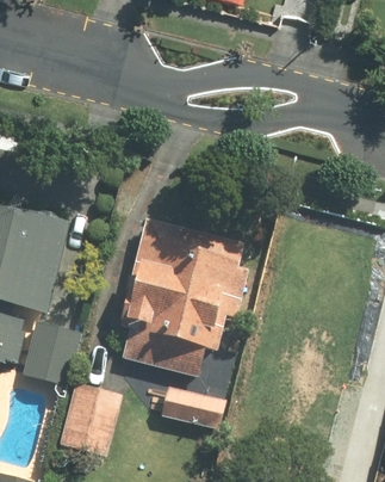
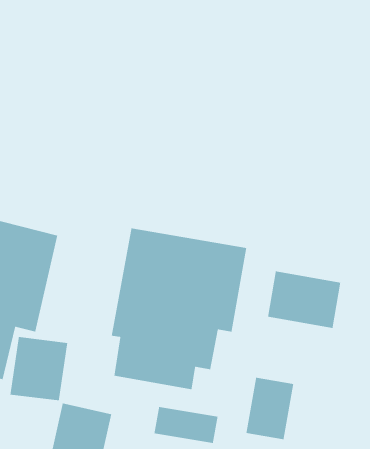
building: none -> [267,270,341,329]
building: none -> [246,377,294,440]

